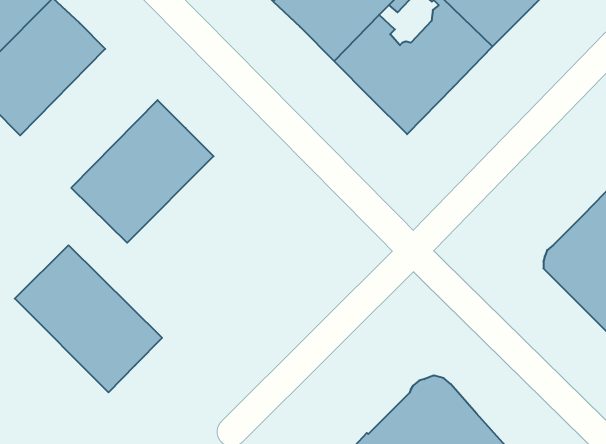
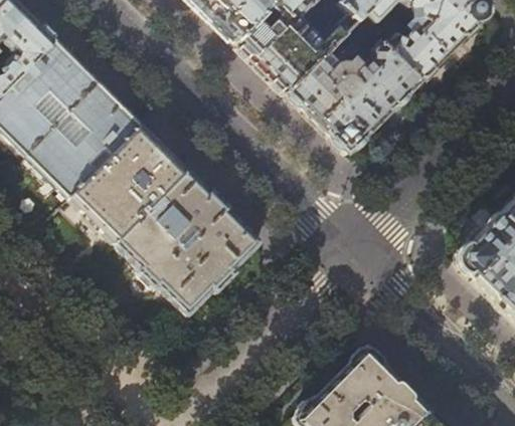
building: none -> [26,81,140,196]
building: none -> [115,170,263,317]
building: [15,245,162,392] -> none

